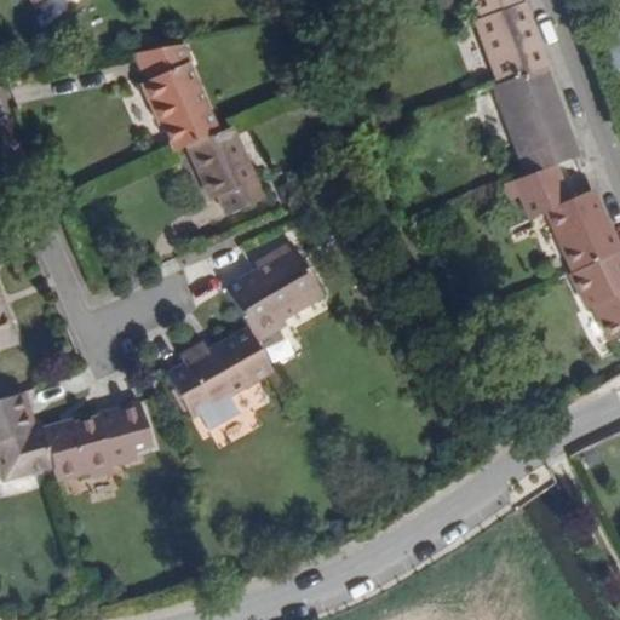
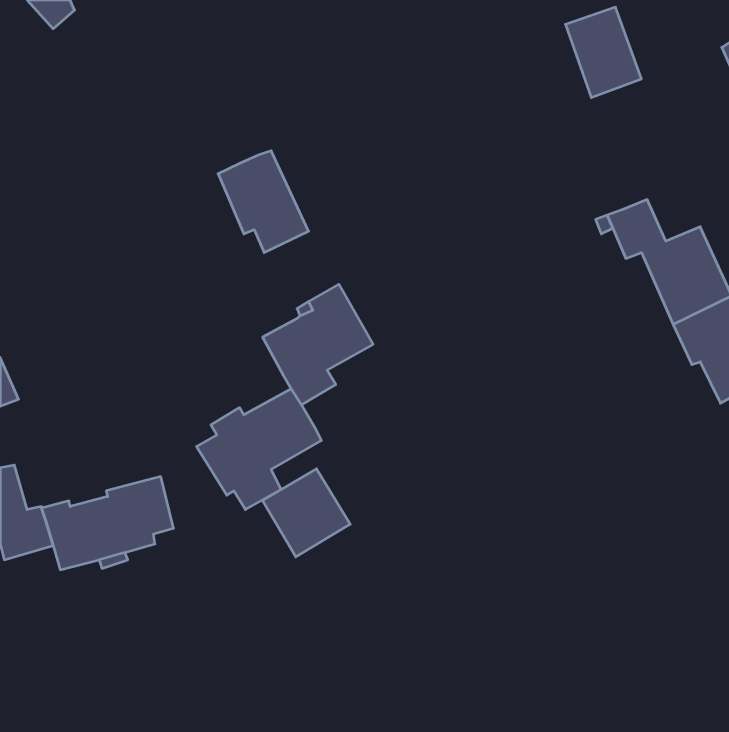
building: [134,41,222,151] -> none
building: [495,68,579,178] -> none
building: none -> [263,469,350,557]

